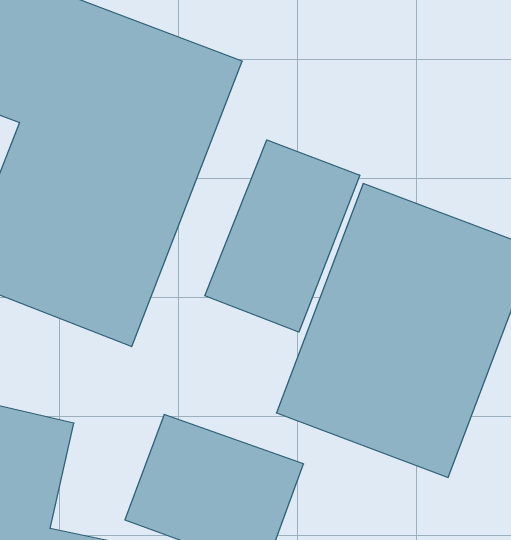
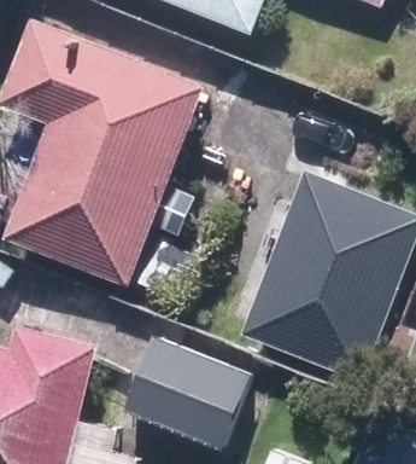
building: [205,140,360,332] -> none

